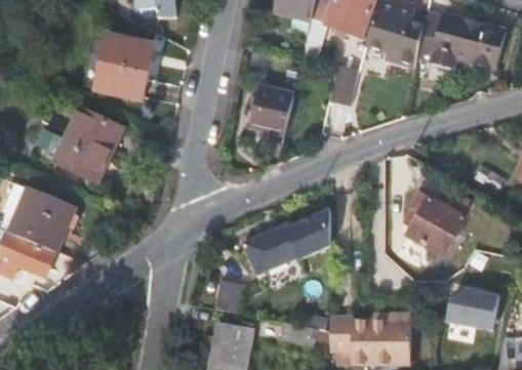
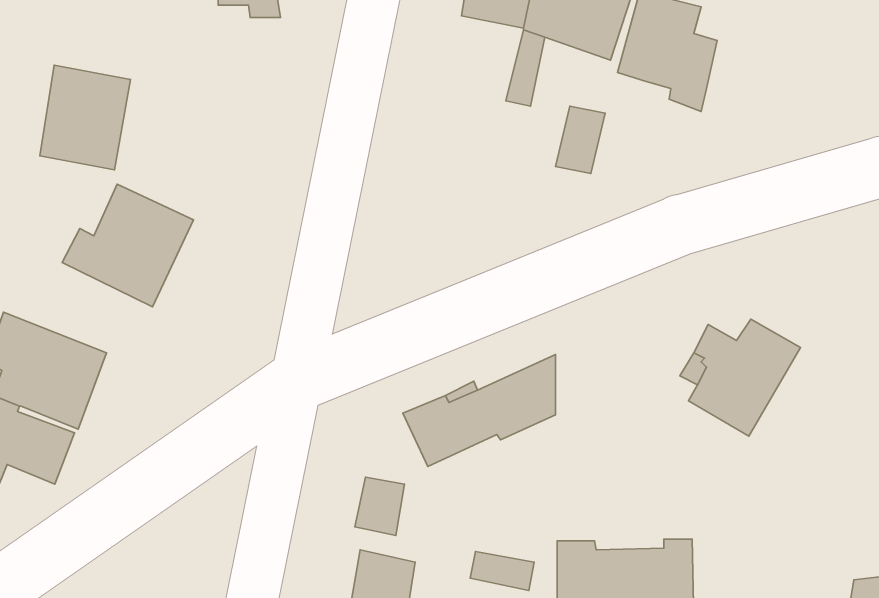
building: [418,10,501,65] -> none
building: [101,38,153,98] -> [40,65,130,170]
building: [249,85,295,136] -> none
building: [445,288,499,329] -> none

